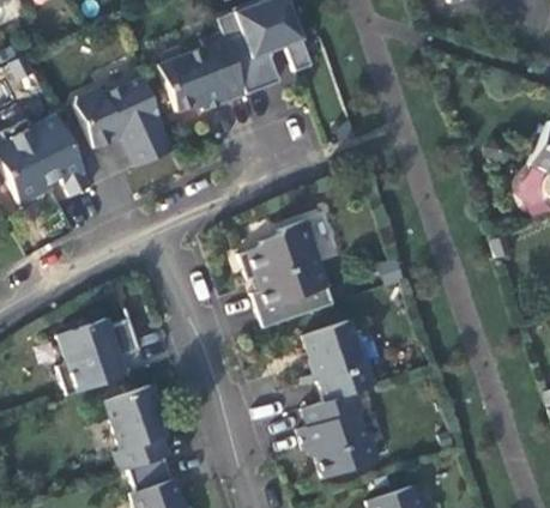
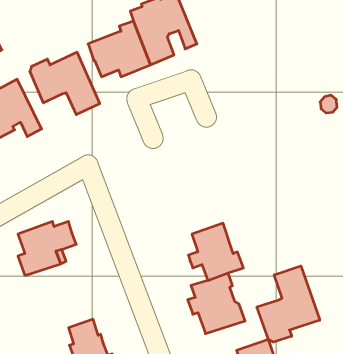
building: [238,218,334,327] -> none
building: none -> [257,266,320,342]
building: [105,385,170,471] -> none

